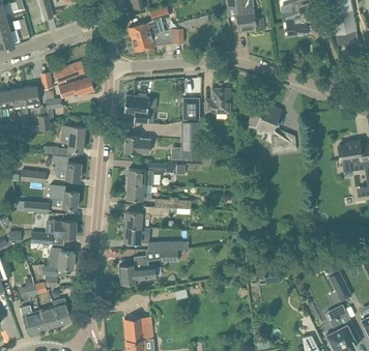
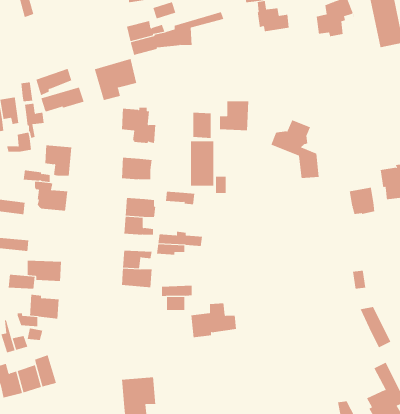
building: none -> [94,58,137,101]
building: none -> [349,187,375,215]
building: [49,185,78,209] -> none
building: [119,256,158,285] -> [190,303,237,338]

